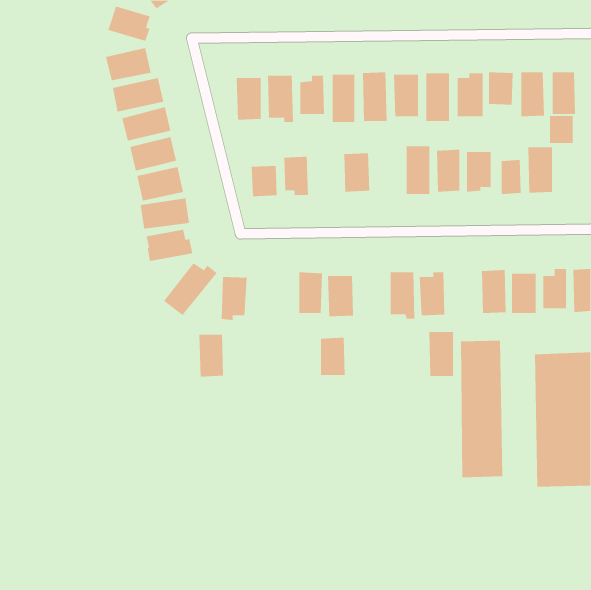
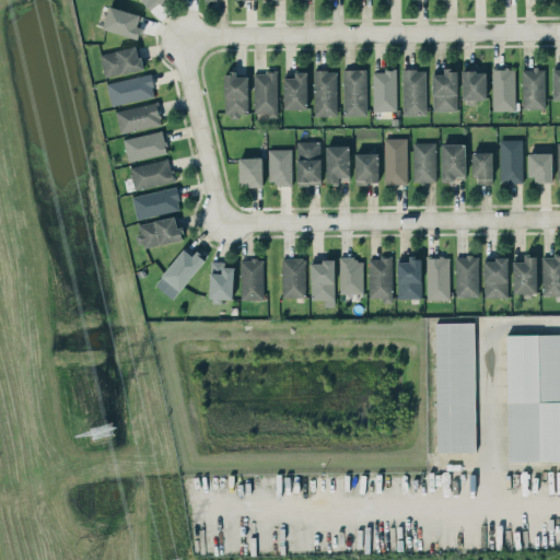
building: [549,116,573,143] -> [528,154,551,180]
building: none -> [296,141,320,185]
building: none -> [354,153,378,184]
building: [428,332,454,377] -> [425,257,450,300]
building: [199,334,224,377] -> [240,260,264,301]
building: [320,337,346,375] -> [339,258,363,294]

